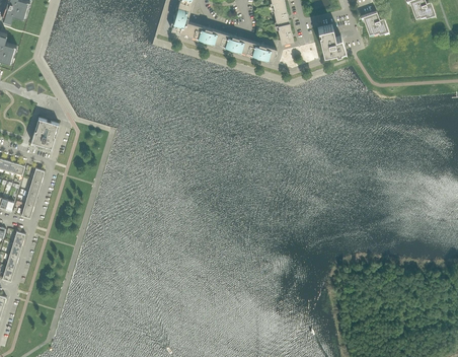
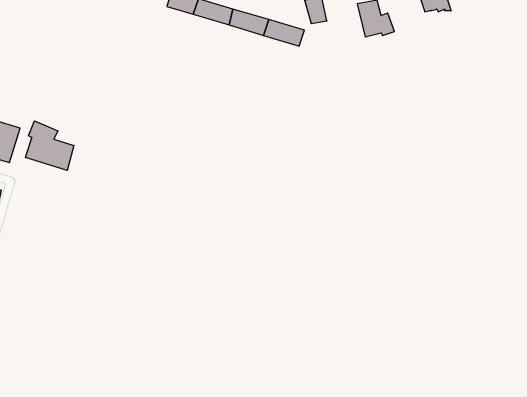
building: none -> [26,121,74,170]

